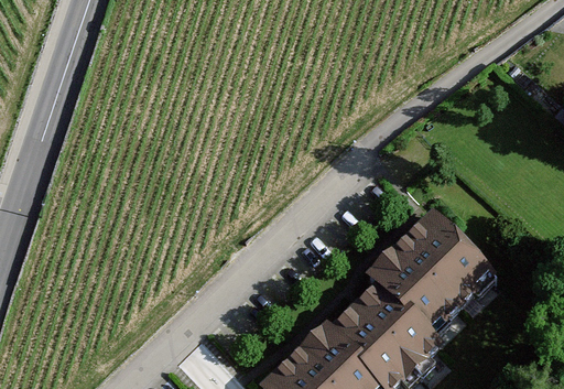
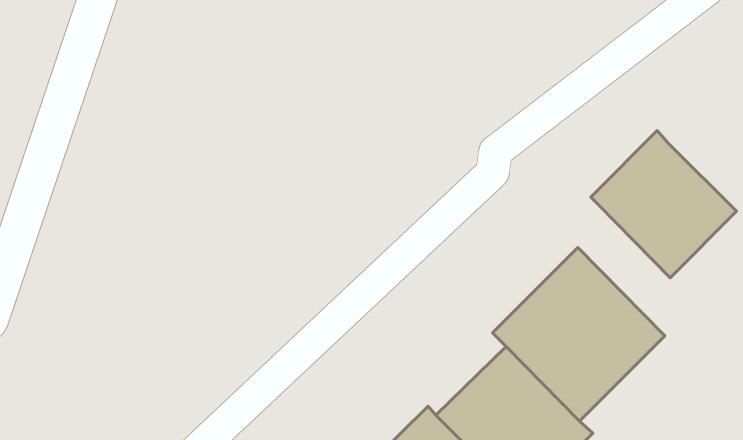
building: none -> [591,130,736,278]

